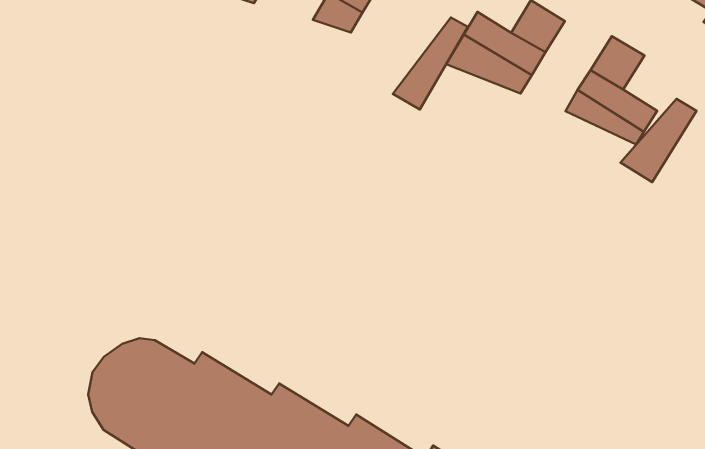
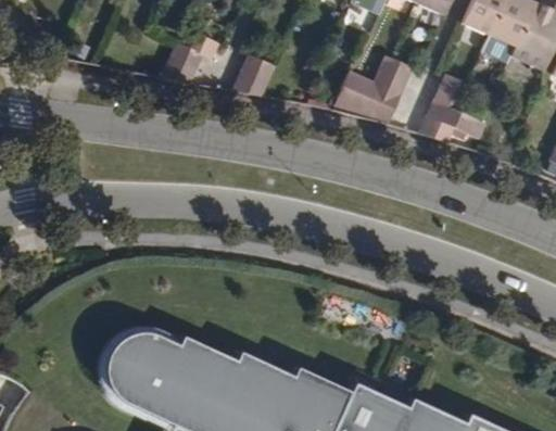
building: [393,17,468,110] -> none
building: [621,99,697,182] -> none

